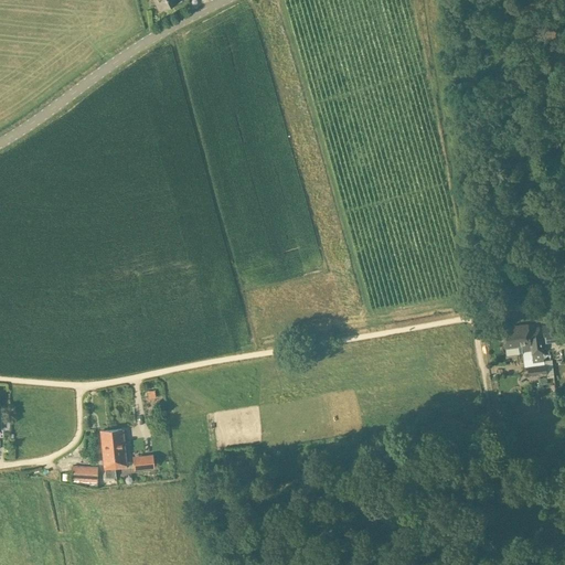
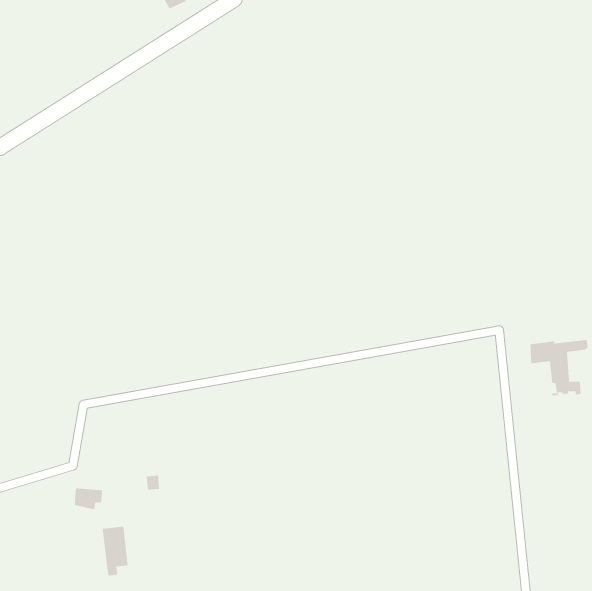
building: [100,428,126,476] -> [102,526,129,576]

